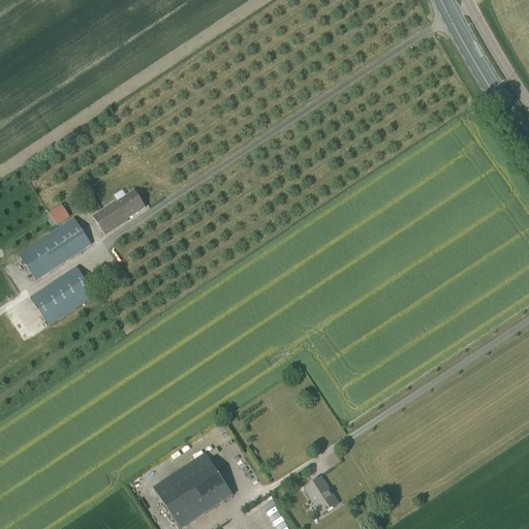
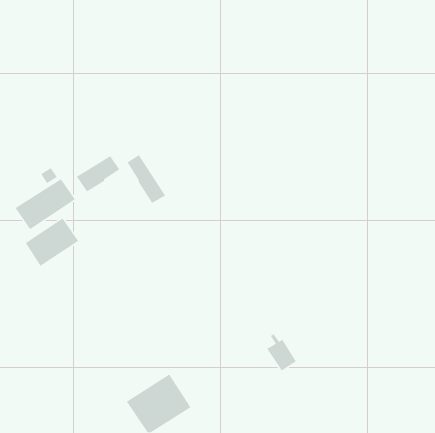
building: none -> [127,154,166,204]
building: [303,468,340,515] -> [266,333,297,372]

